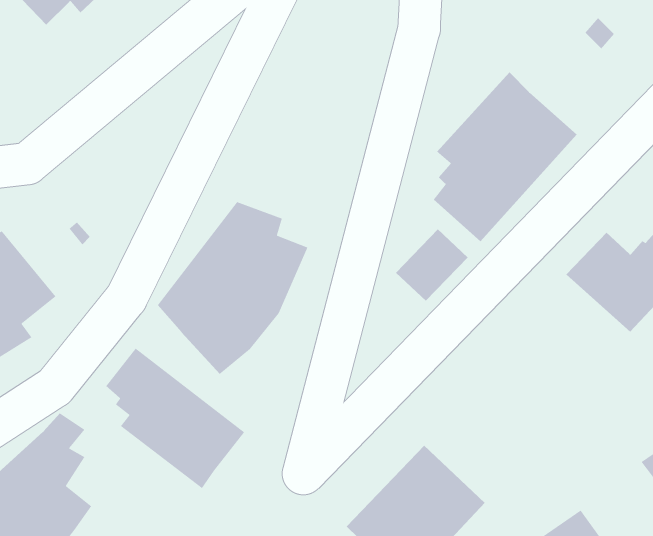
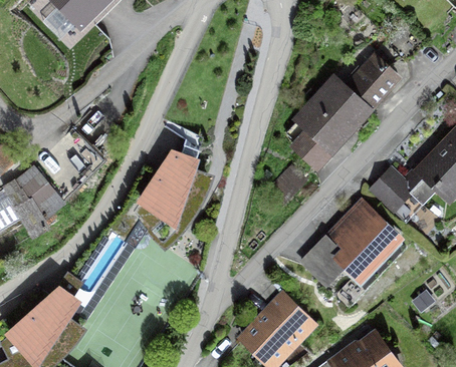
building: none -> [345,50,402,107]
building: none -> [298,197,405,292]
building: [105,347,245,489] -> none

